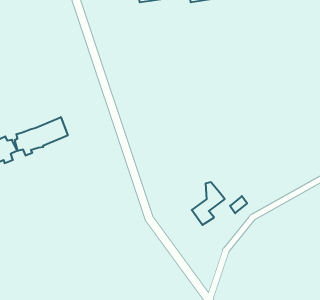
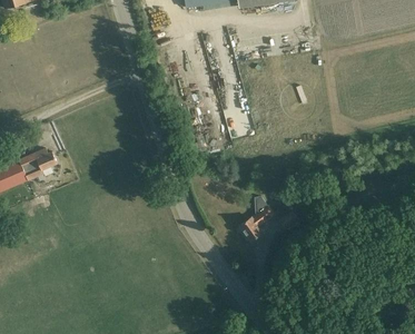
building: [15,117,68,156] -> none

